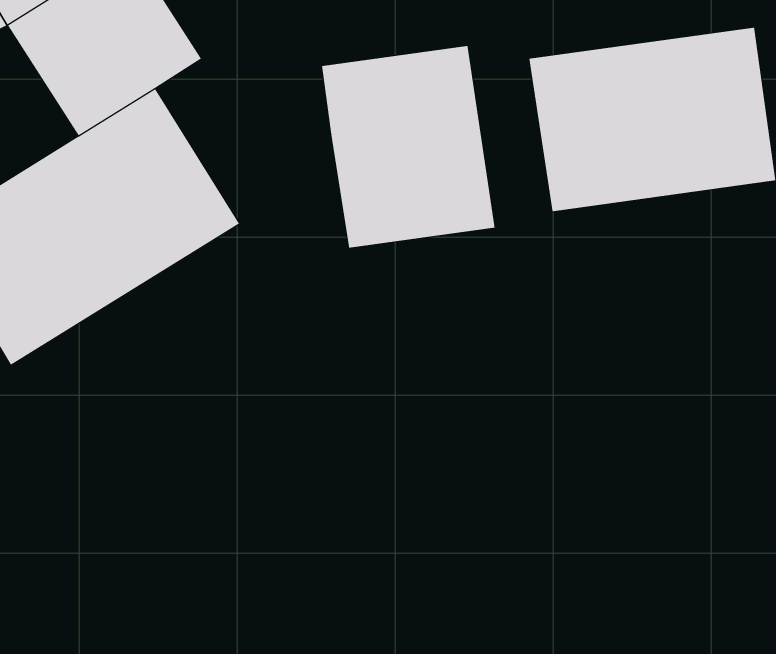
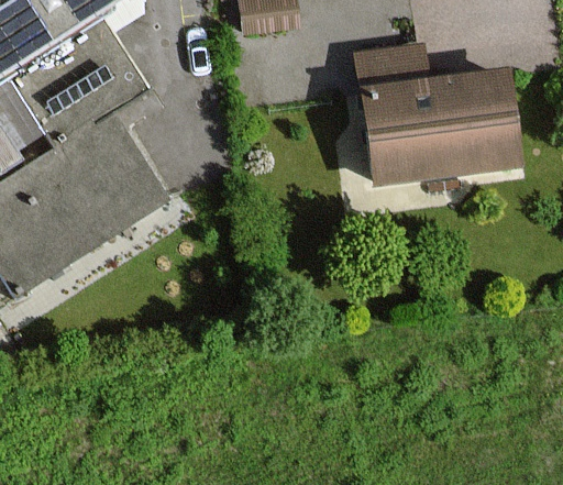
building: [321,45,495,249] -> none

